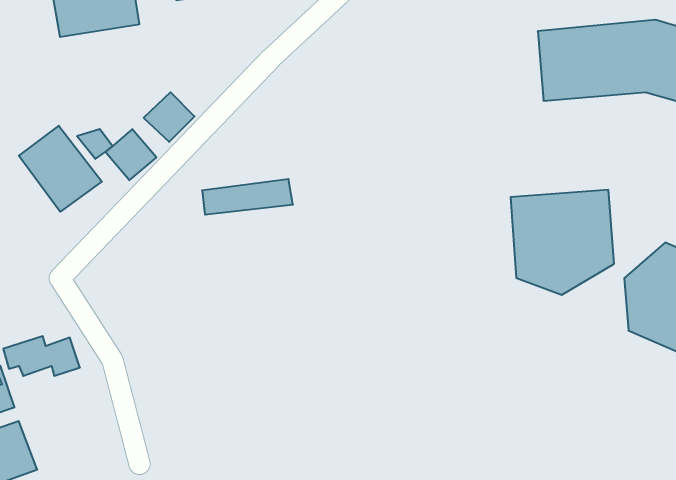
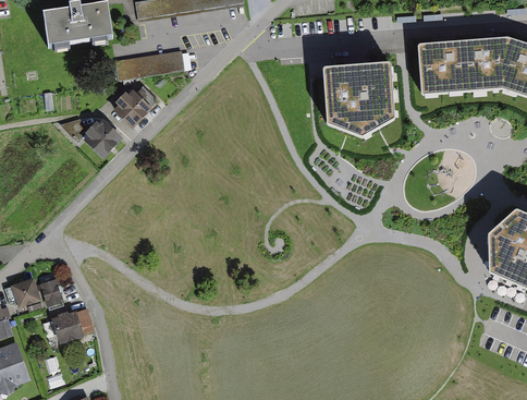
building: [19,126,102,212] -> none
building: [202,179,293,215] -> [113,51,183,78]
building: [511,190,614,295] -> [317,61,396,142]
building: none -> [52,308,93,343]

